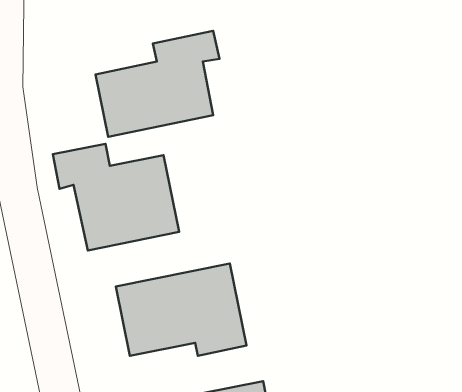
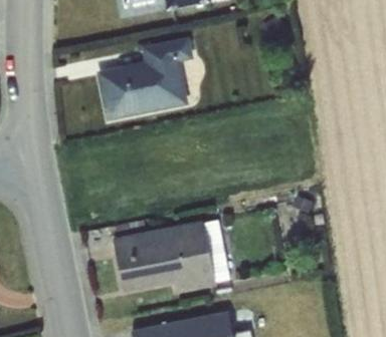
building: [53,144,179,250] -> none

